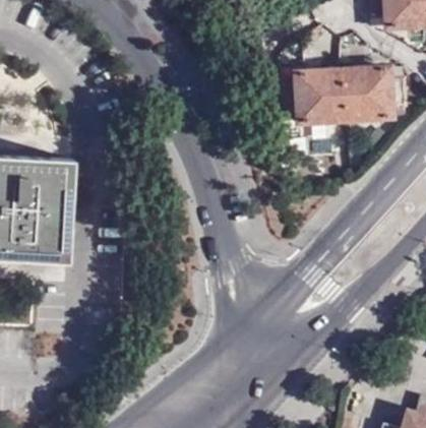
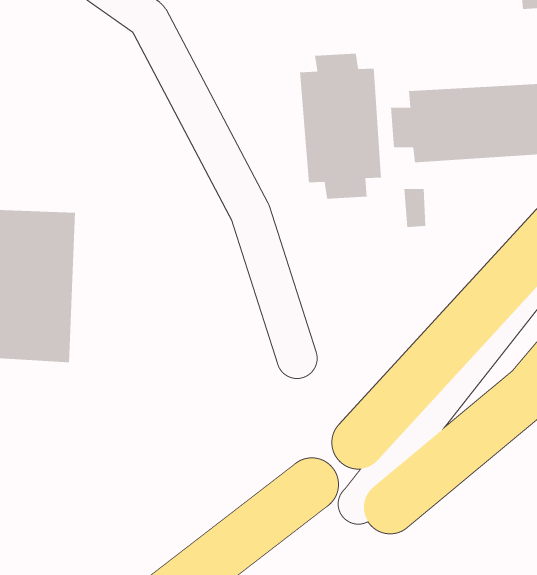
building: none -> [300,53,382,199]

